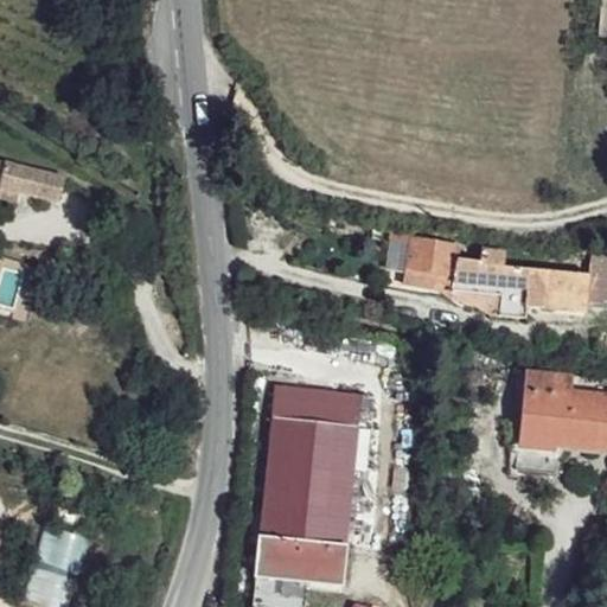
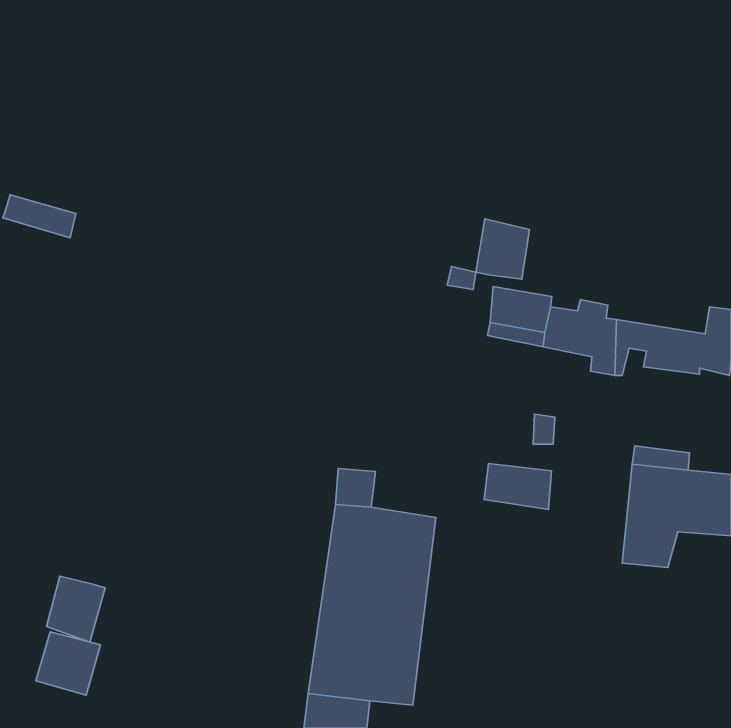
building: none -> [476,219,529,279]
building: [307,390,363,428] -> [484,464,551,509]
building: none -> [46,576,105,642]

